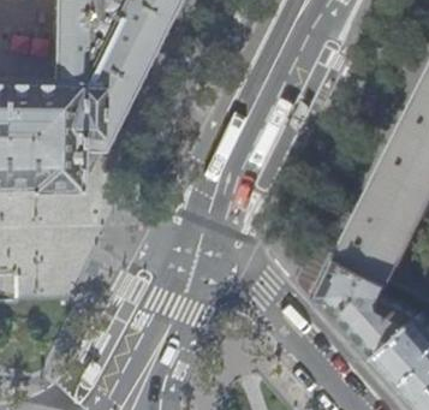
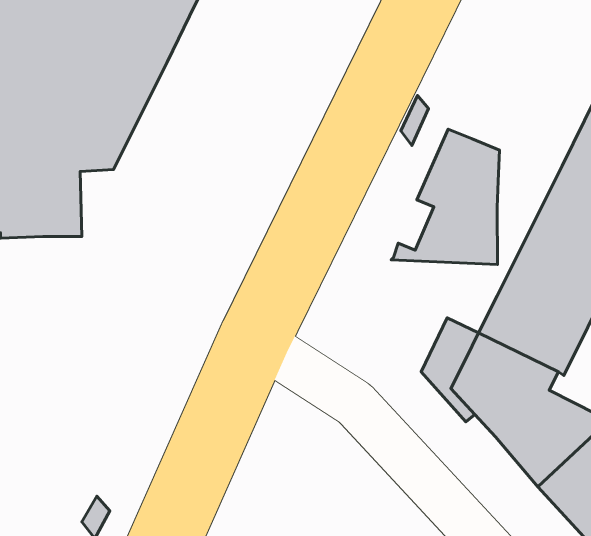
building: none -> [391,129,499,265]

